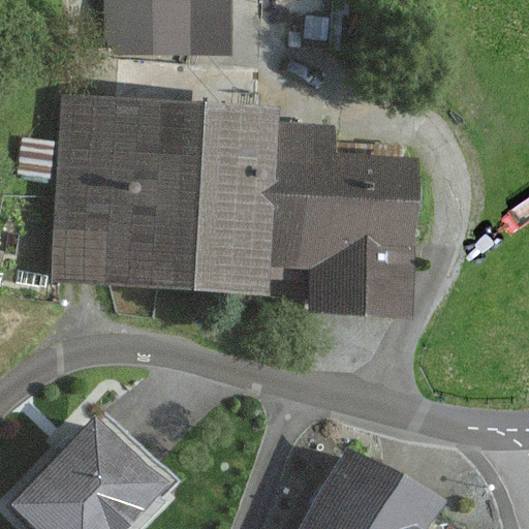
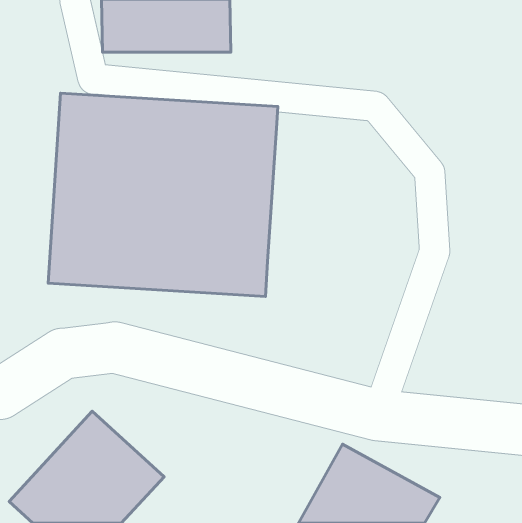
building: [272,124,414,315] -> none

